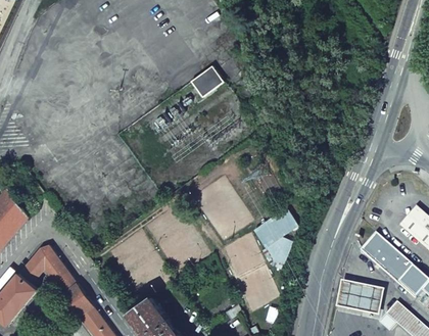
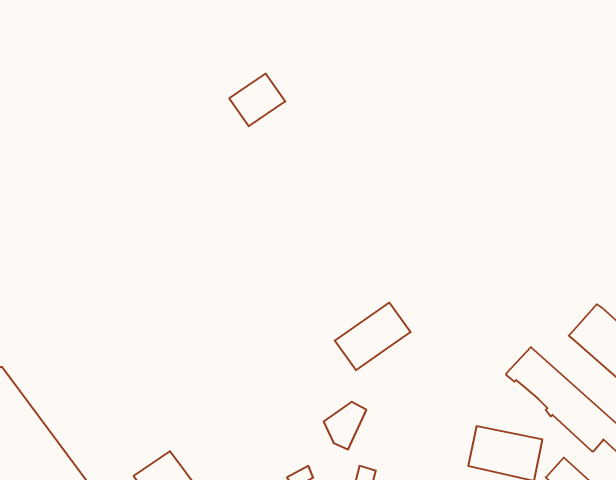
building: [267,235,293,265] -> [324,402,366,449]

